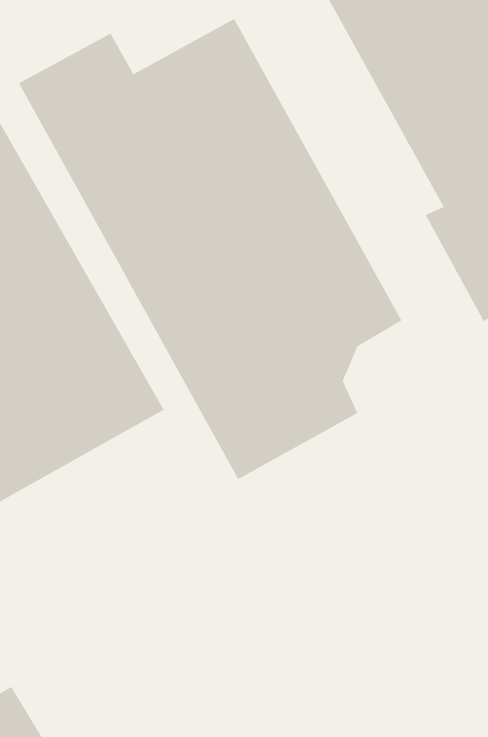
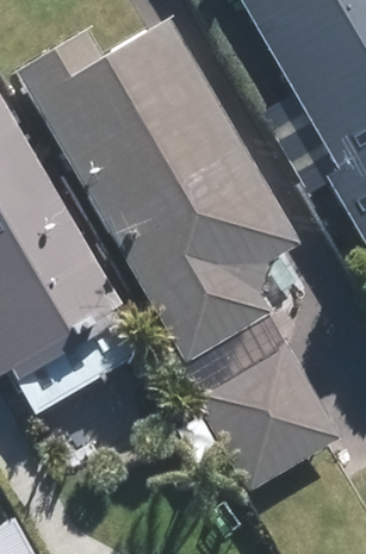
building: none -> [194,342,347,497]

